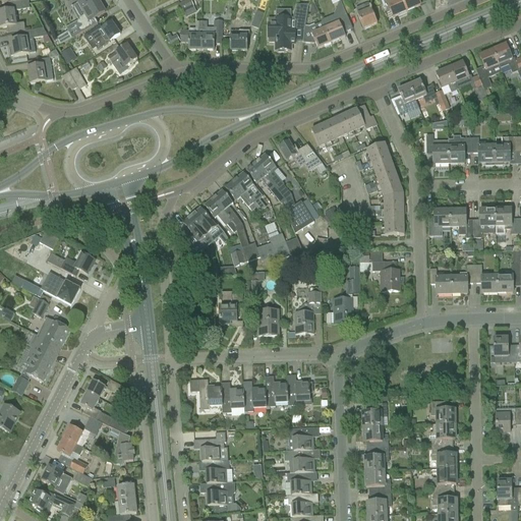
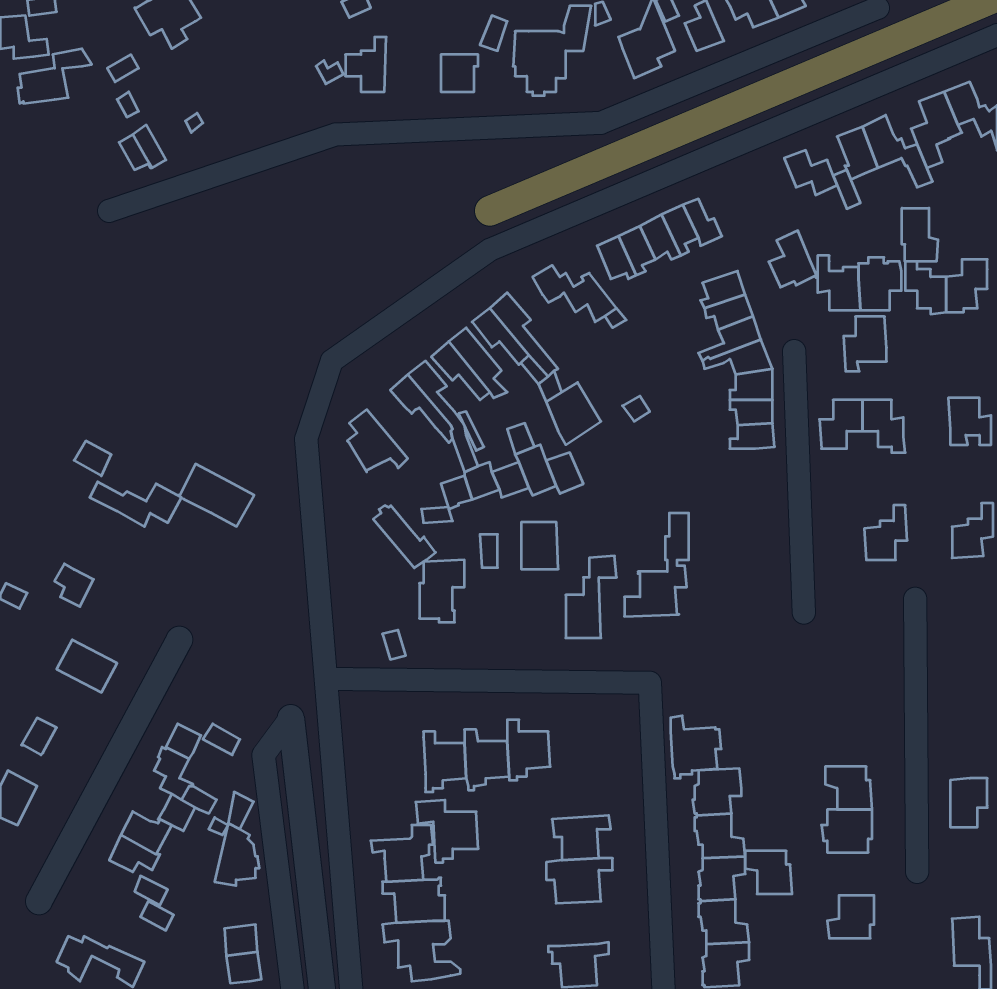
building: [200,18,221,48] -> none
building: [86,19,120,48] -> none
building: [304,19,331,47] -> none
building: [108,42,137,72] -> none
building: [27,56,53,81] -> none
building: [394,82,419,112] -> [769,231,818,287]
building: none -> [902,208,938,261]
building: [191,207,224,239] -> [373,506,436,568]
building: [473,208,496,236] -> [844,317,887,371]
building: [358,250,400,290] -> none
building: [474,263,497,291] -> none
building: [429,268,452,292] -> none
building: [40,271,79,303] -> [178,464,254,526]
building: [258,309,278,334] -> [521,522,558,569]
building: [38,315,70,346] -> none
building: [494,336,513,361] -> none
building: [23,349,53,381] -> none
building: [286,373,312,406] -> [671,716,721,778]
building: [189,379,222,411] -> [416,800,478,862]
building: [431,445,456,467] -> [745,851,792,894]
building: [42,464,71,493] -> none
building: [285,470,316,494] -> none
building: [432,489,456,512] -> none

